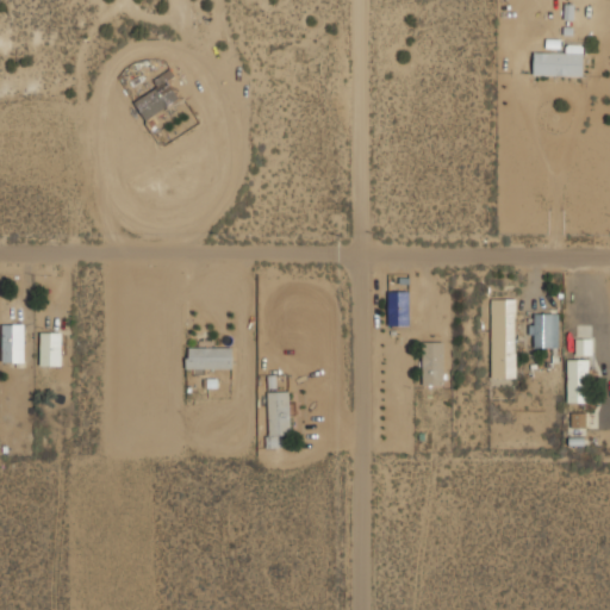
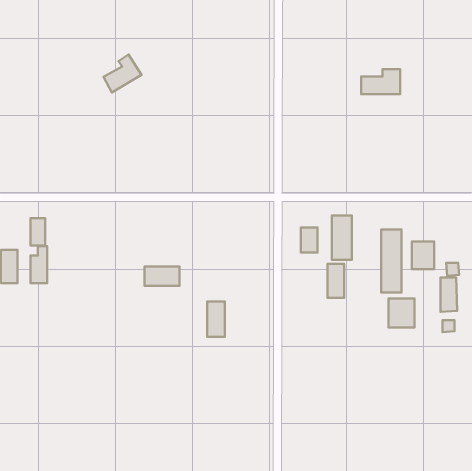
building: [533,44,583,76] -> [361,69,400,94]
building: none -> [332,216,352,260]
building: none -> [31,218,45,246]
building: none -> [388,299,415,327]

